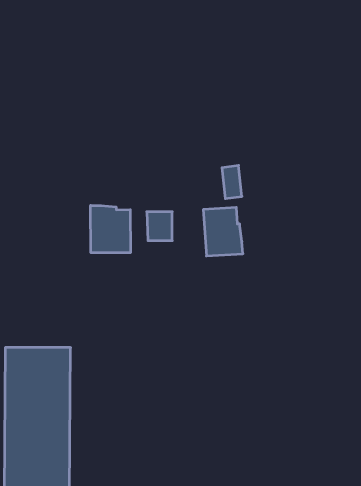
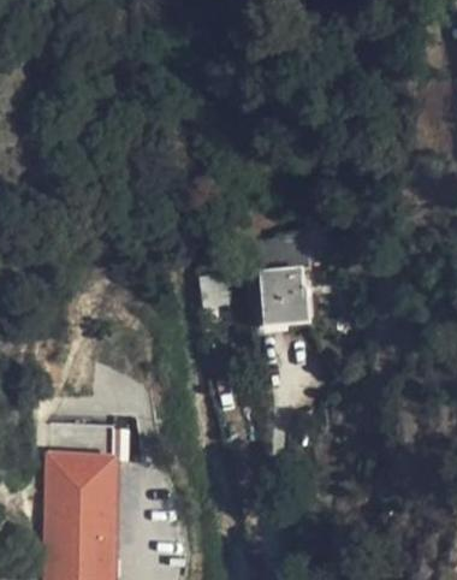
building: [91,205,130,253] -> none

